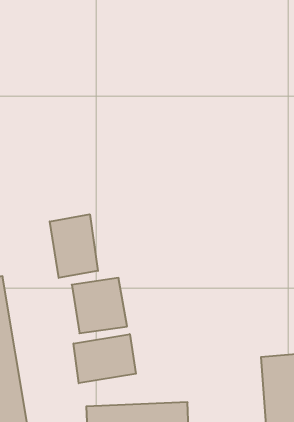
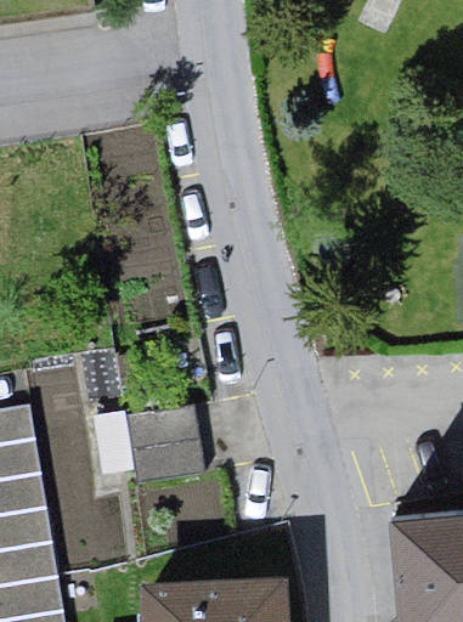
building: [50,214,98,278] -> none
building: [74,334,136,383] -> none

